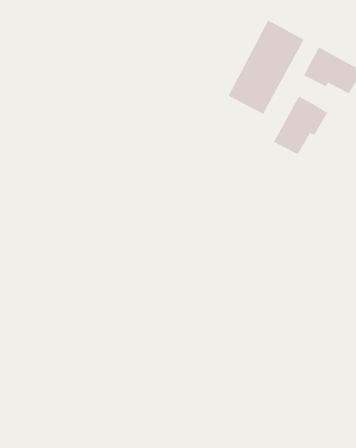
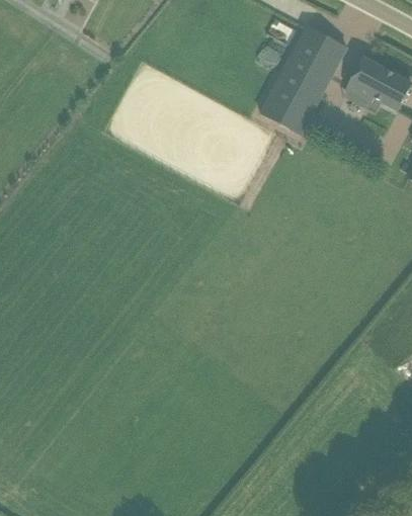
building: [273,96,328,155] -> none

